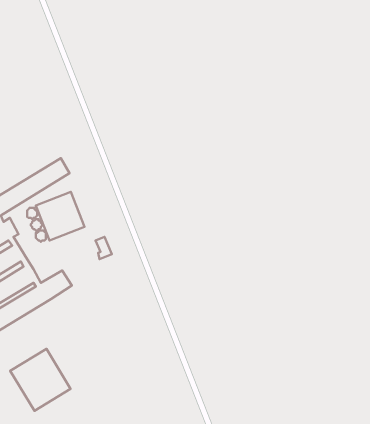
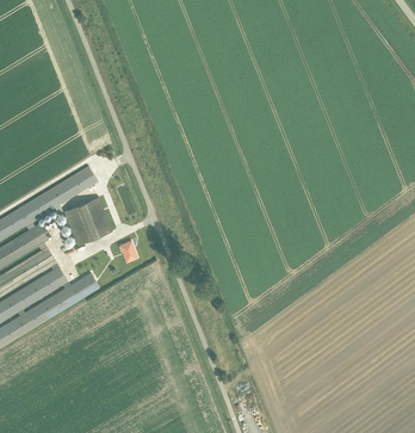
building: [10,349,70,411] -> none

